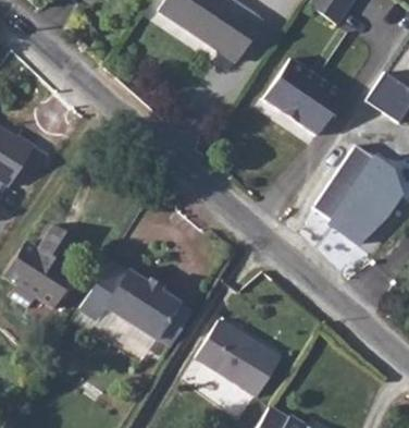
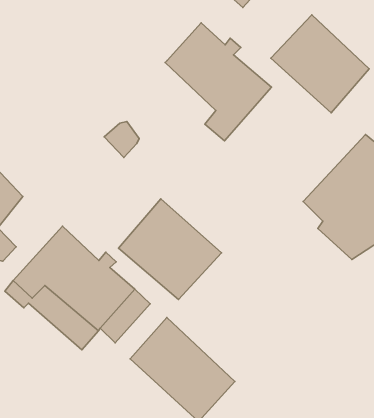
building: none -> [165,23,272,141]
building: none -> [119,199,221,300]

